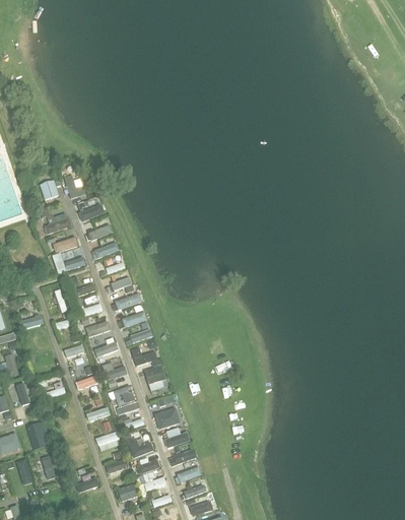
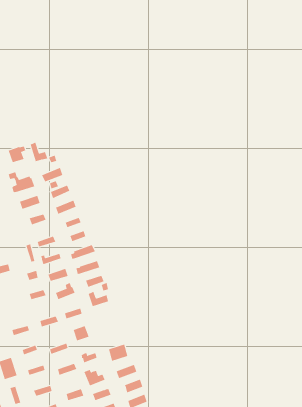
building: [143,365,165,390] -> none

